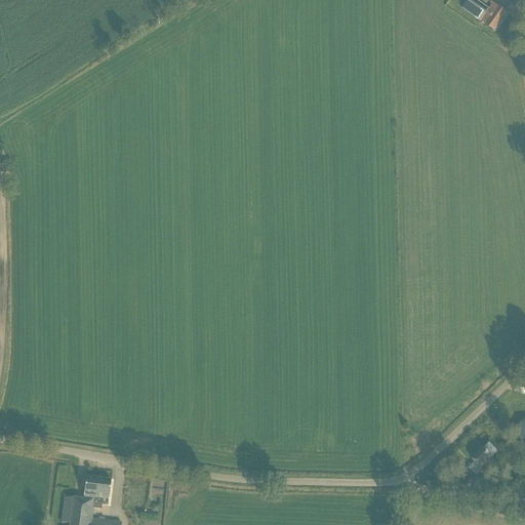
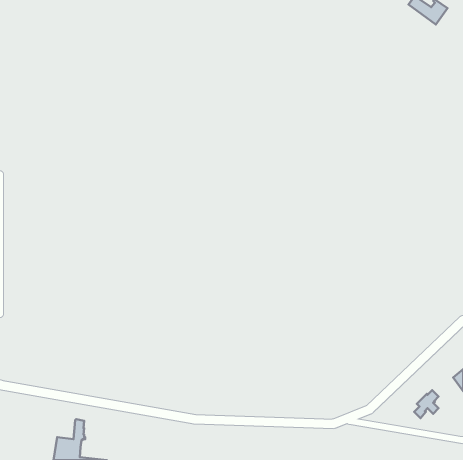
building: [91,476,111,507] -> none

